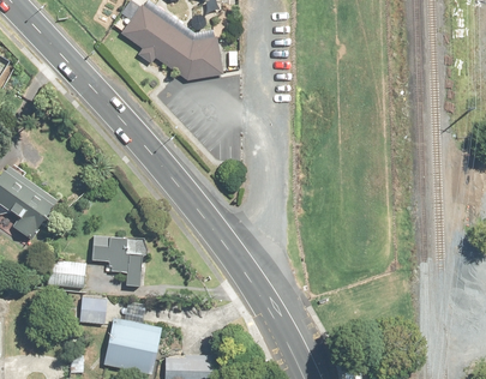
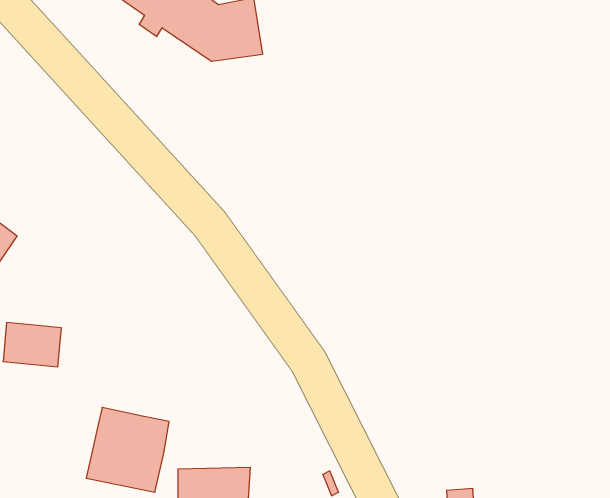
building: [91,234,142,285] -> none
building: [79,295,107,323] -> none

